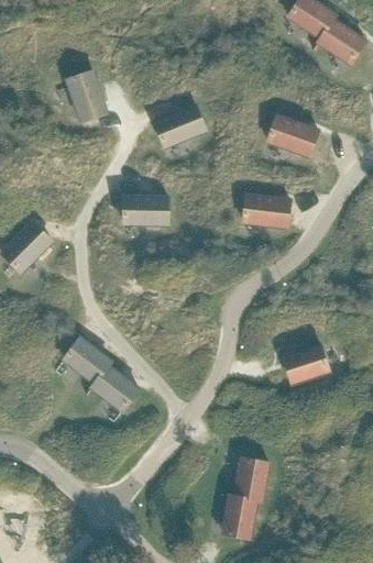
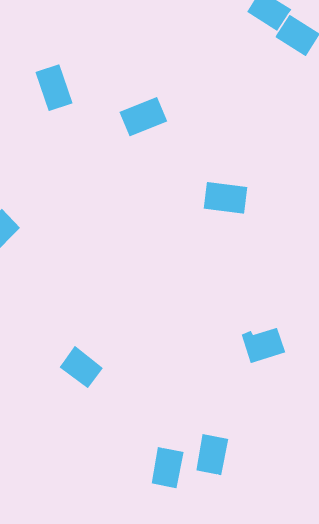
building: [267,114,318,156] -> none
building: [123,196,168,224] -> none
building: [63,336,111,383] -> none
building: [222,494,257,538] -> [151,447,184,489]

